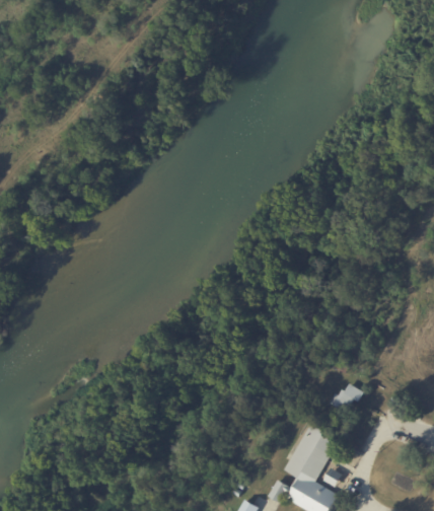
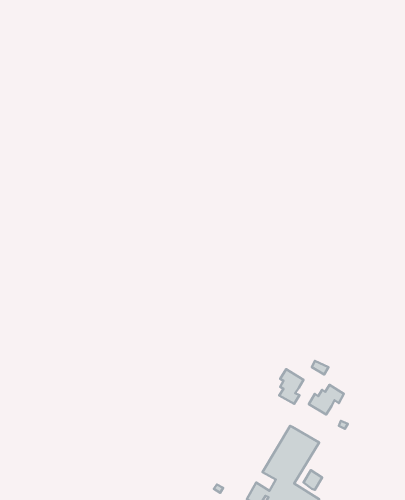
building: none -> [279,369,303,404]

